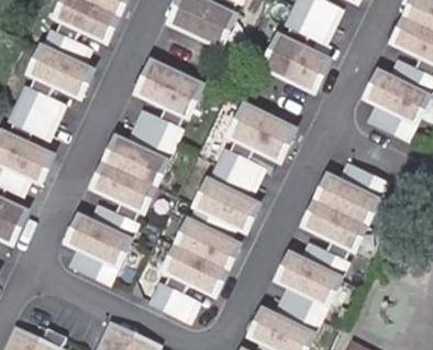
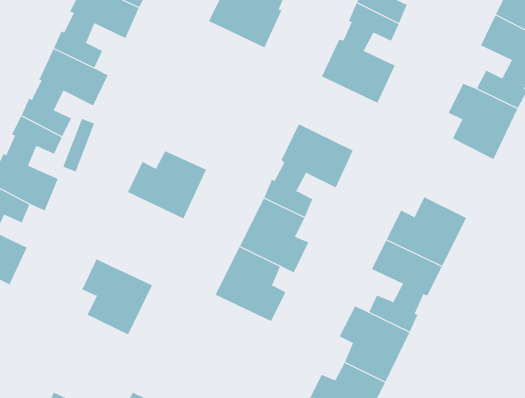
building: [136,62,199,143] -> none
building: [91,162,152,238] -> none
building: [151,245,223,317] -> none

